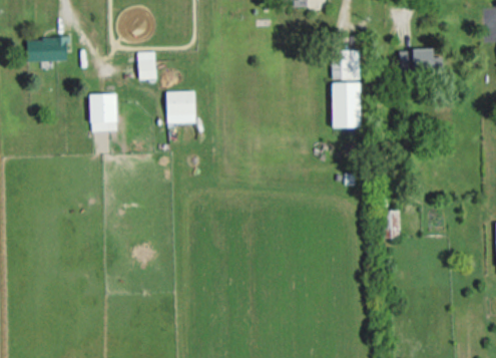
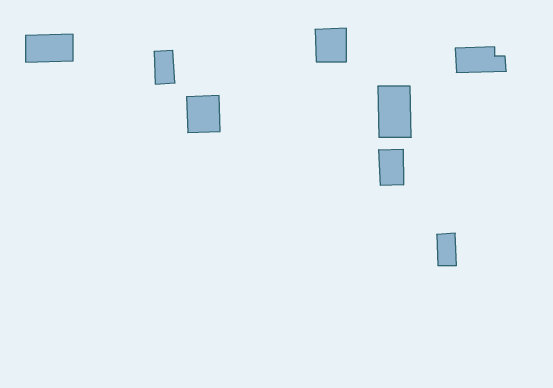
building: [333,50,360,79] -> [315,28,346,62]
building: [89,94,116,131] -> none
building: none -> [379,149,403,185]

